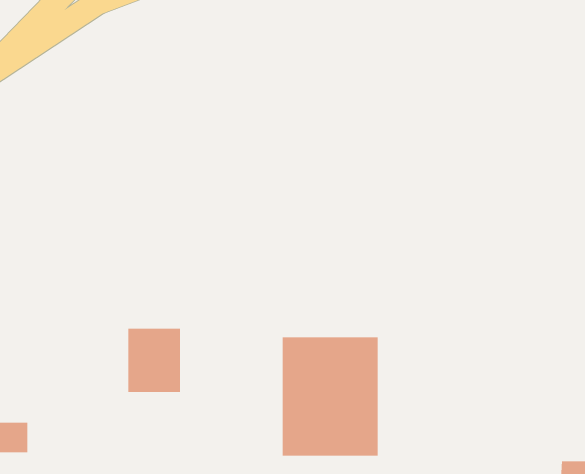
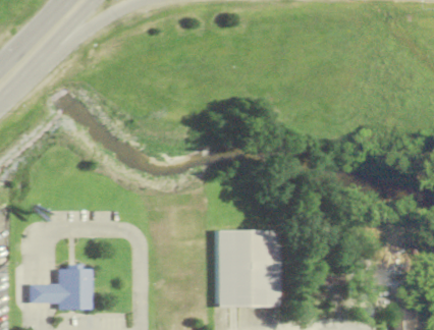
building: [128,328,181,393] -> [58,269,92,310]

